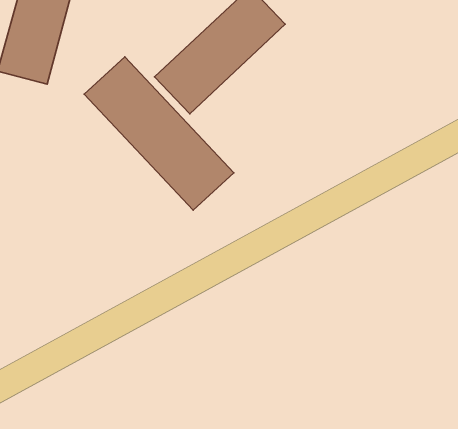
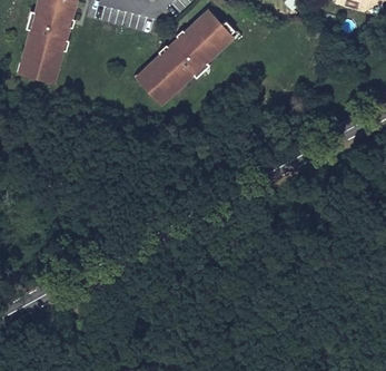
building: [84,57,234,210] -> none

